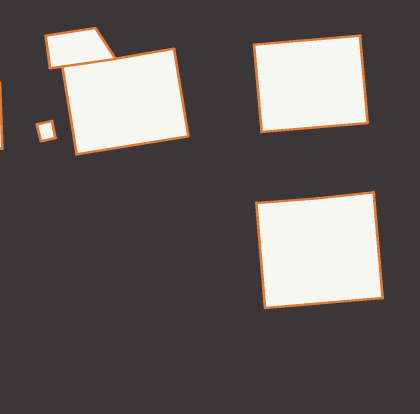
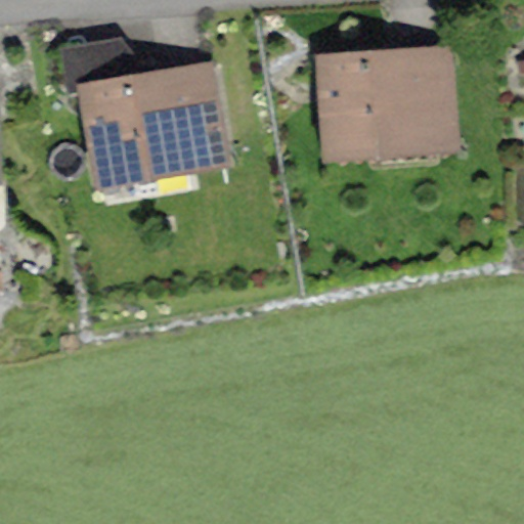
building: [256,192,383,308] -> none

